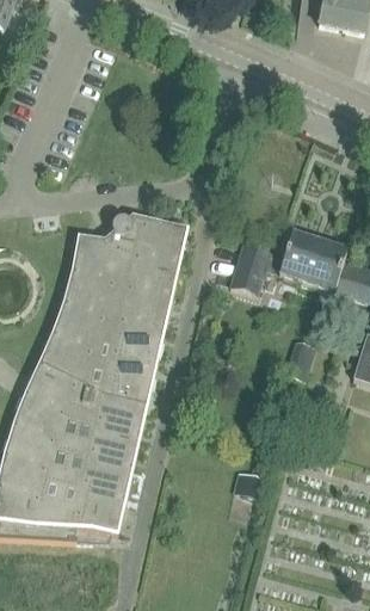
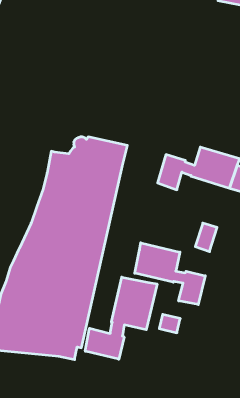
building: none -> [135,243,205,305]
building: none -> [85,277,157,359]

